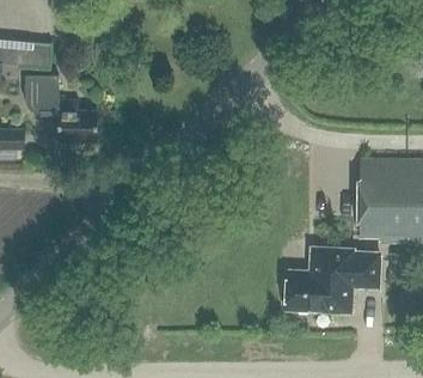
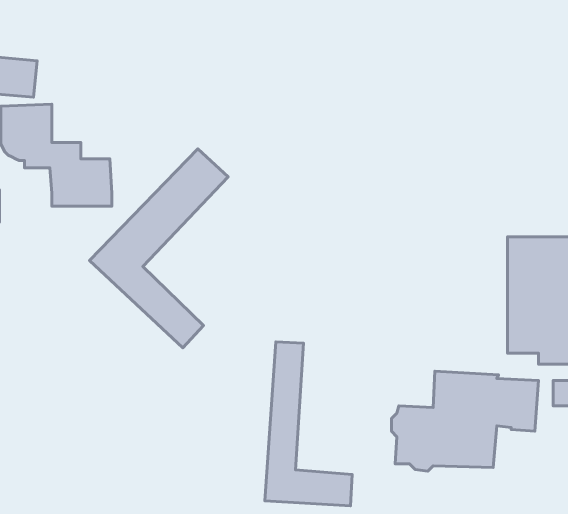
building: none -> [89,149,228,348]
building: none -> [265,342,352,506]

